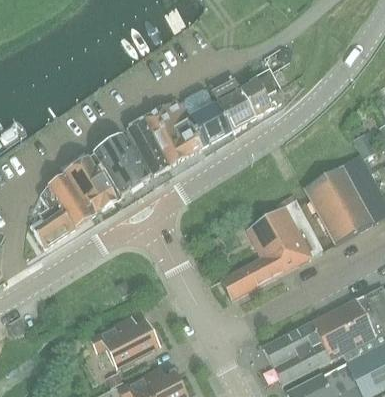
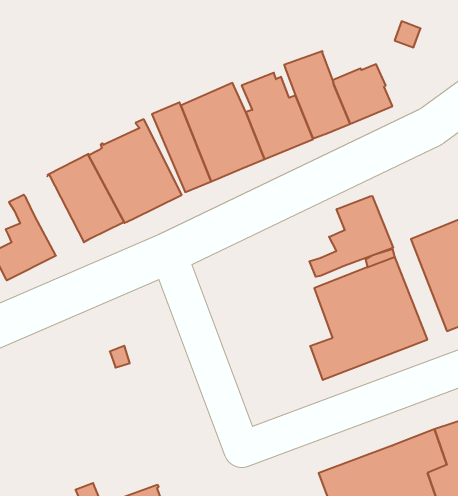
building: none -> [309,196,393,277]
building: [46,175,91,227] -> none
building: [221,265,258,300] -> none
building: [90,317,161,370] -> none

